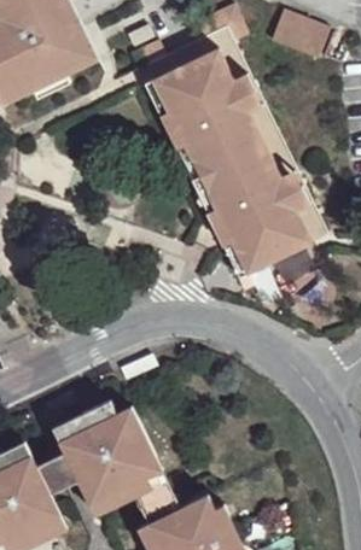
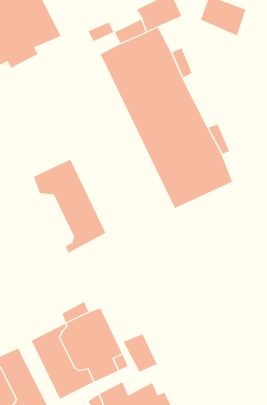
building: none -> [33,159,106,253]
building: none -> [123,334,158,373]

